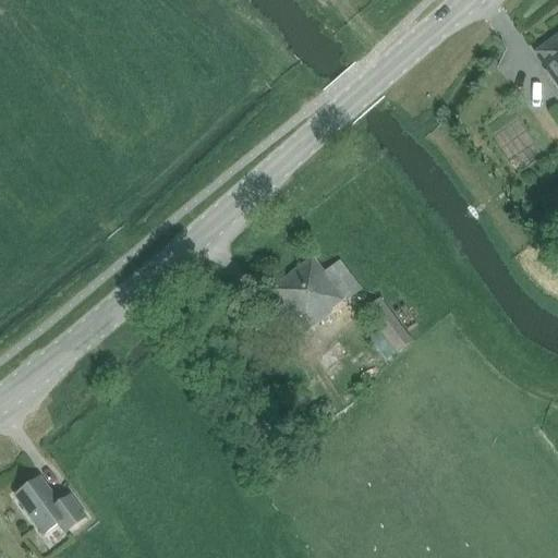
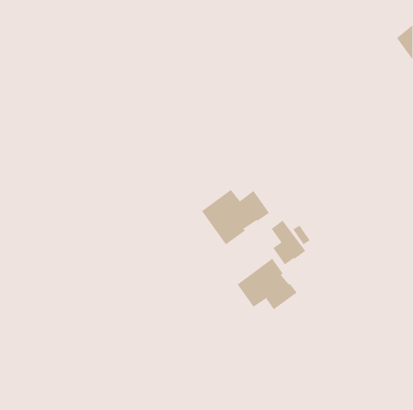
building: none -> [237,258,297,310]
building: [13,473,87,534] -> none

